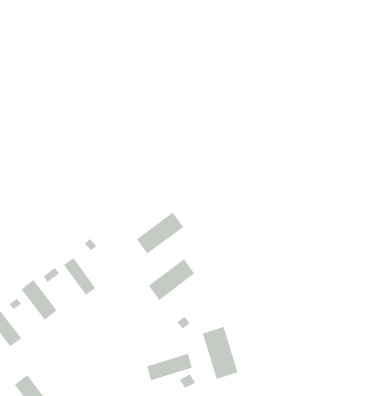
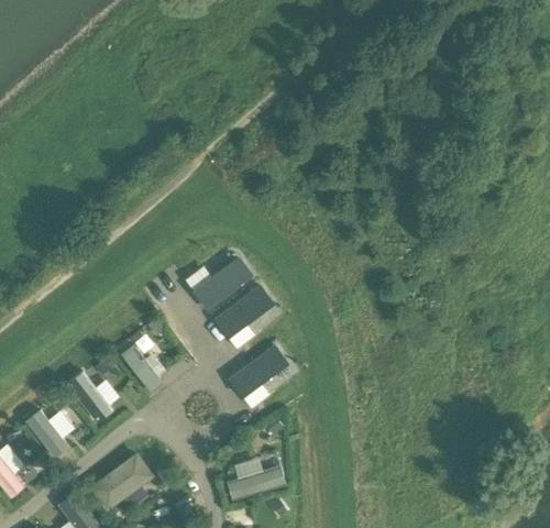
building: none -> [193,256,254,310]
building: [202,326,238,380] -> none
building: none -> [89,452,154,512]

